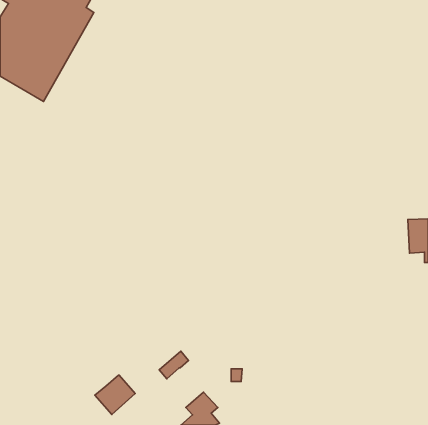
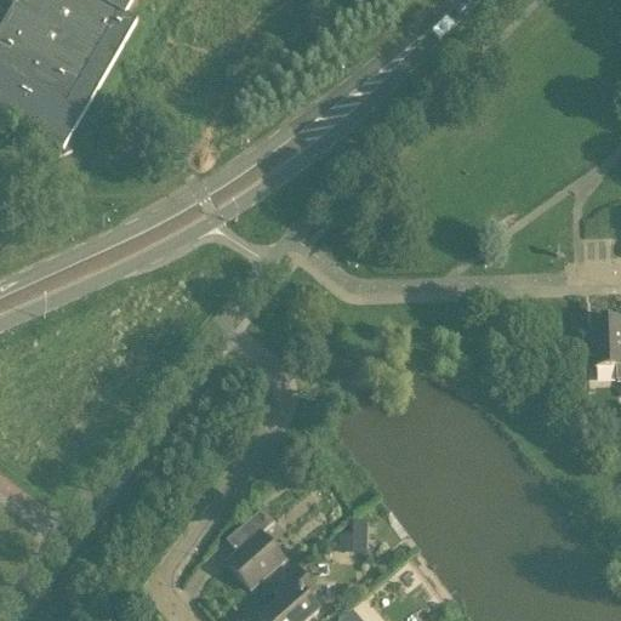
building: [95,375,135,415] -> [226,532,284,589]

